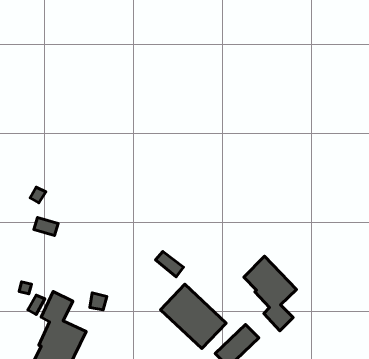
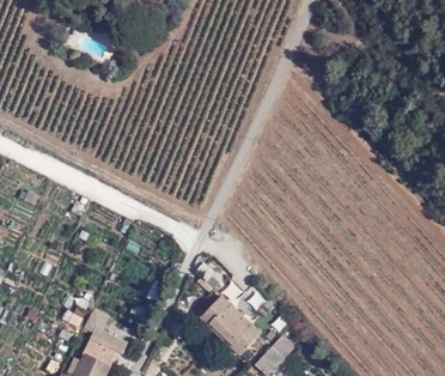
building: [244,256,297,331] -> none

